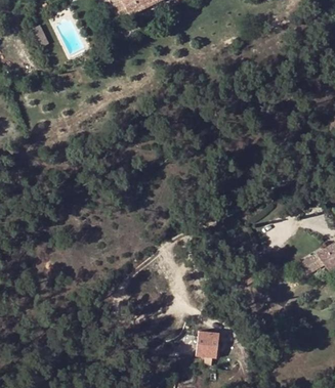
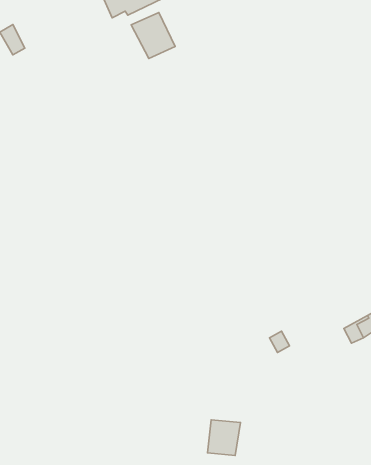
building: none -> [131,13,175,58]

